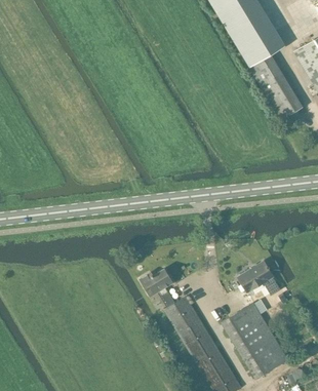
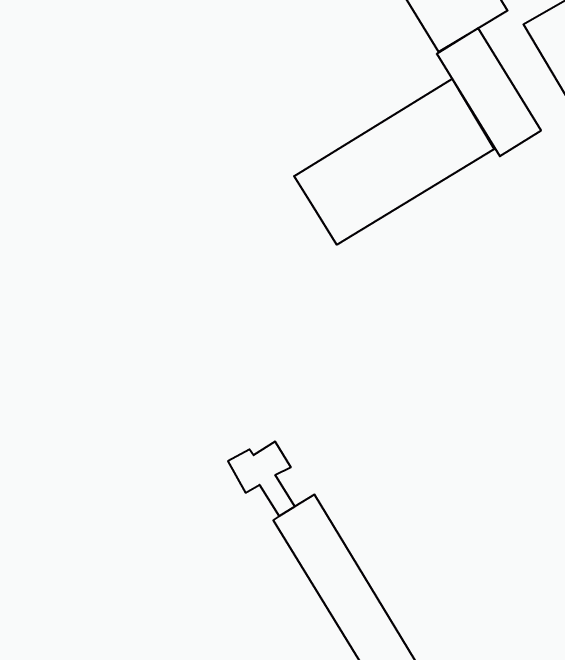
building: none -> [294,79,494,245]
building: [238,262,281,296] -> none
building: [222,303,288,379] -> none

